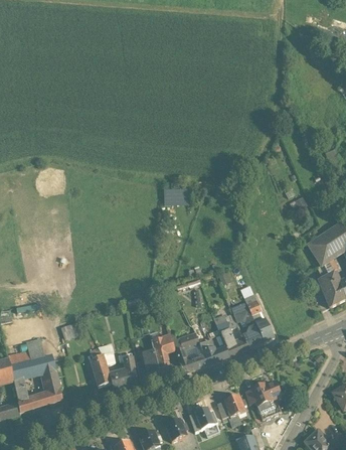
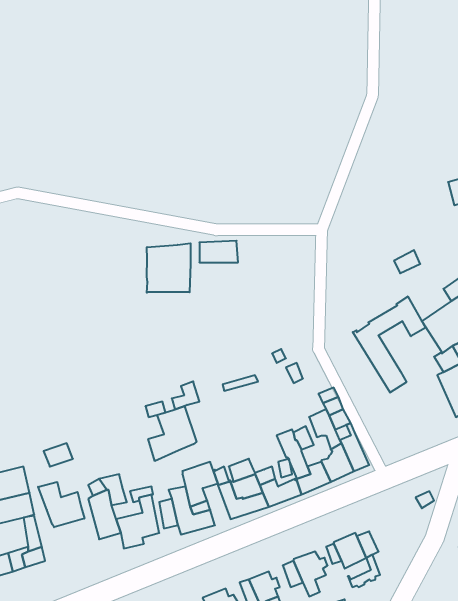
building: none -> [147,243,191,293]
building: none -> [353,296,425,393]
building: none -> [148,406,196,461]
building: none -> [38,482,84,527]

